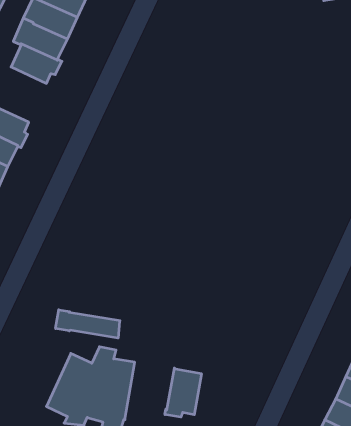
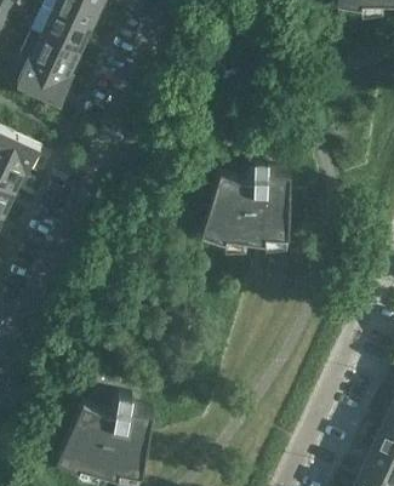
building: none -> [200,158,290,246]
building: [56,310,120,338] -> none
building: [165,368,201,417] -> none

